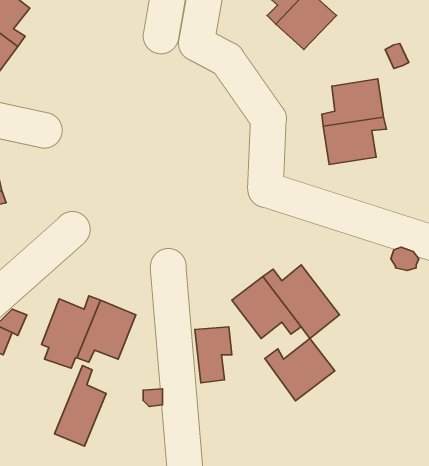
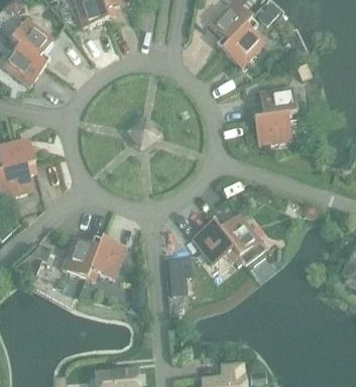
building: [265,339,335,401] -> none
building: [54,365,106,446] -> none

